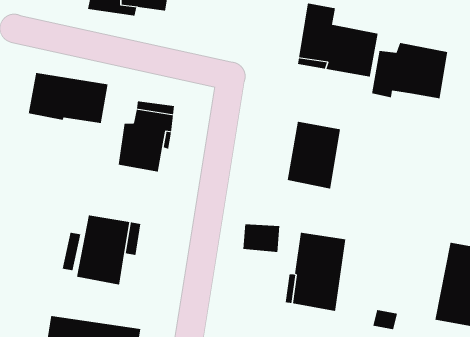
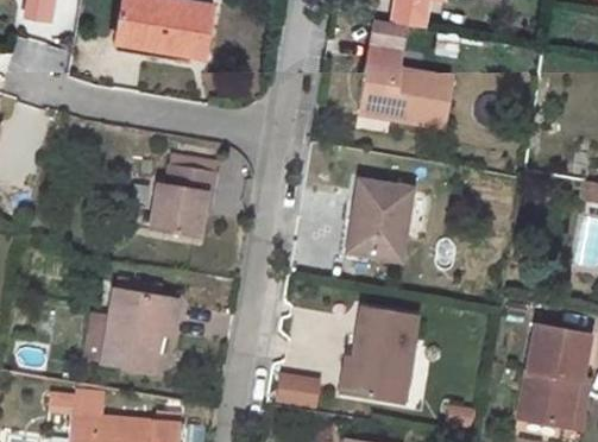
building: [371,42,448,99] -> none
building: [28,72,108,124] -> none
building: [243,224,280,252] -> [278,371,322,404]

